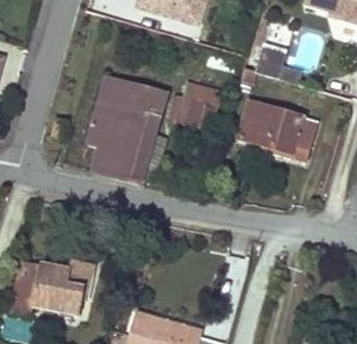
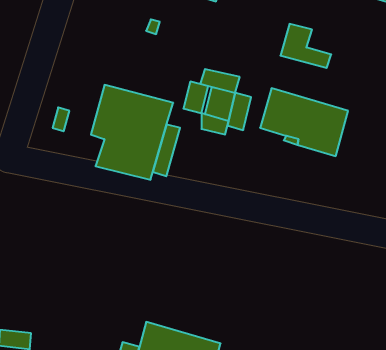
building: [98,75,166,114] -> none
building: [13,259,94,316] -> none

